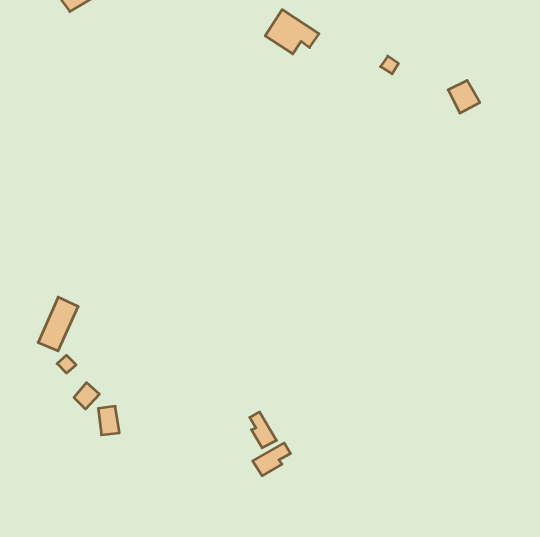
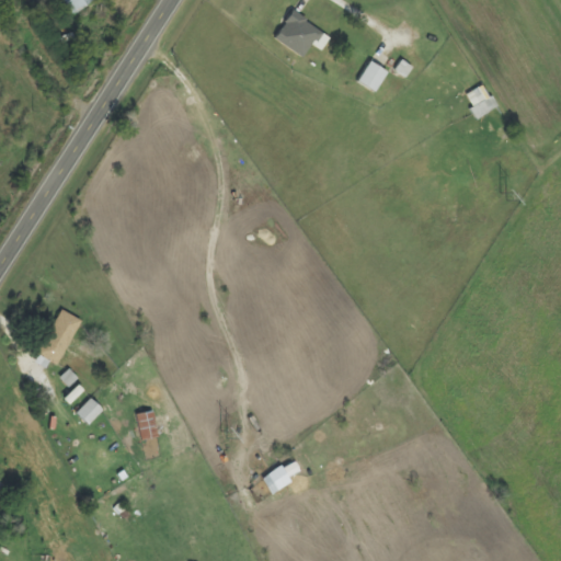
building: none -> [357,59,388,91]
building: [98,406,119,435] -> [137,410,159,439]
building: [250,412,277,448] -> none

